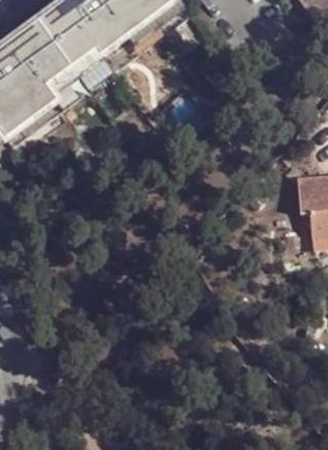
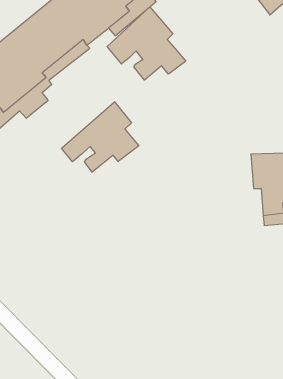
building: none -> [107,7,186,80]
building: none -> [61,102,139,172]

